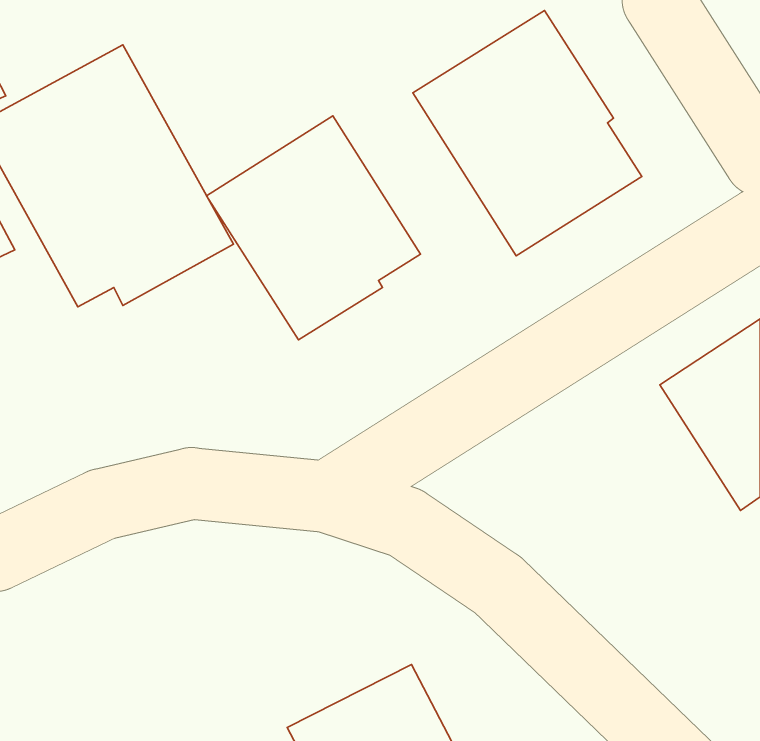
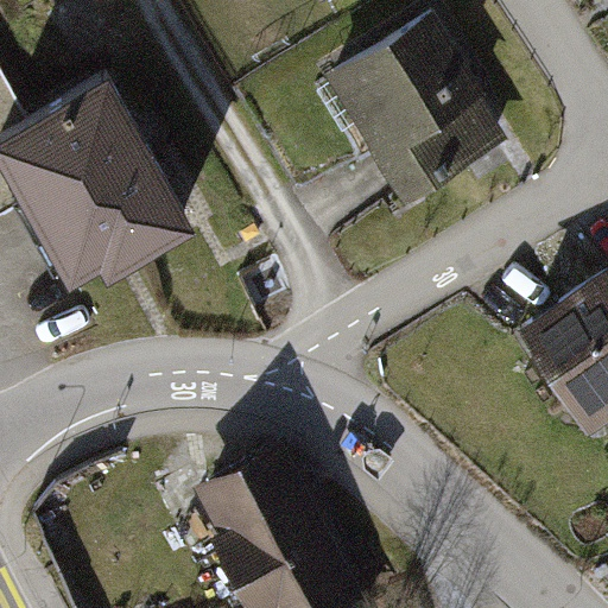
building: [207,116,420,340] -> none
building: none -> [194,464,327,596]

